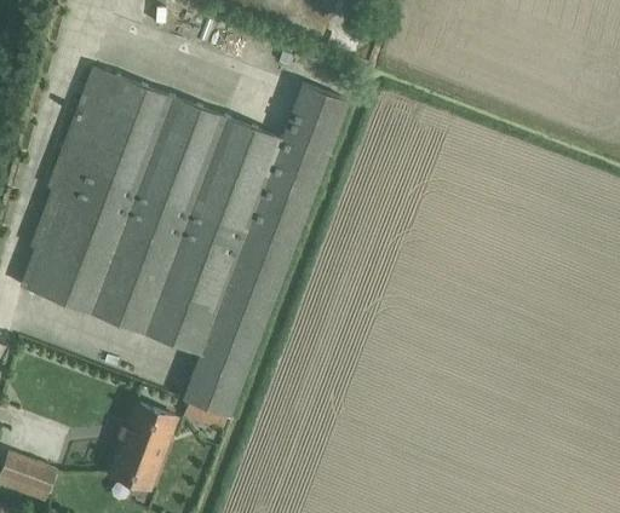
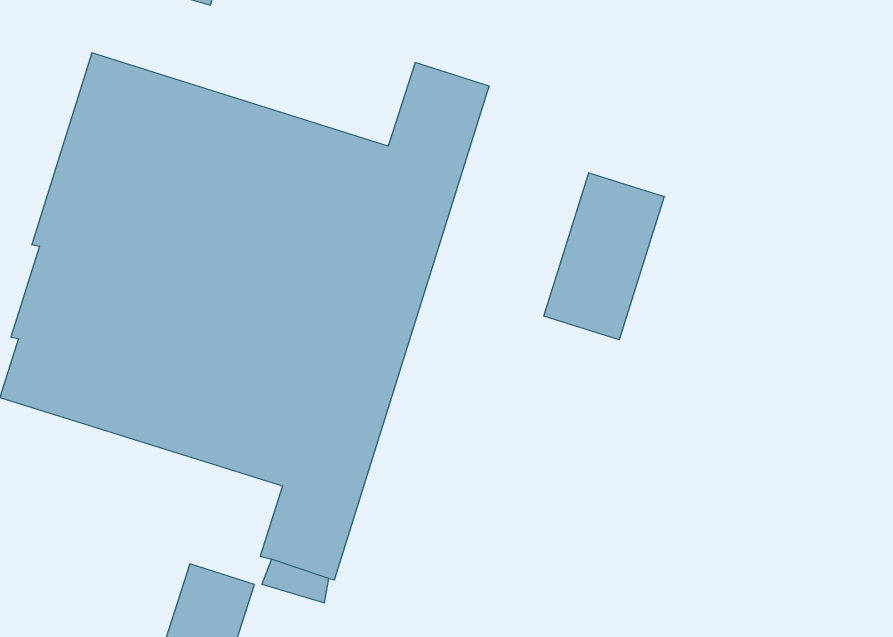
building: none -> [544,173,664,340]

